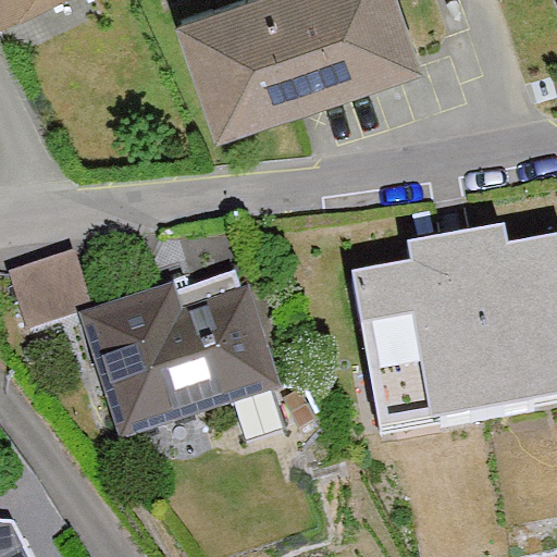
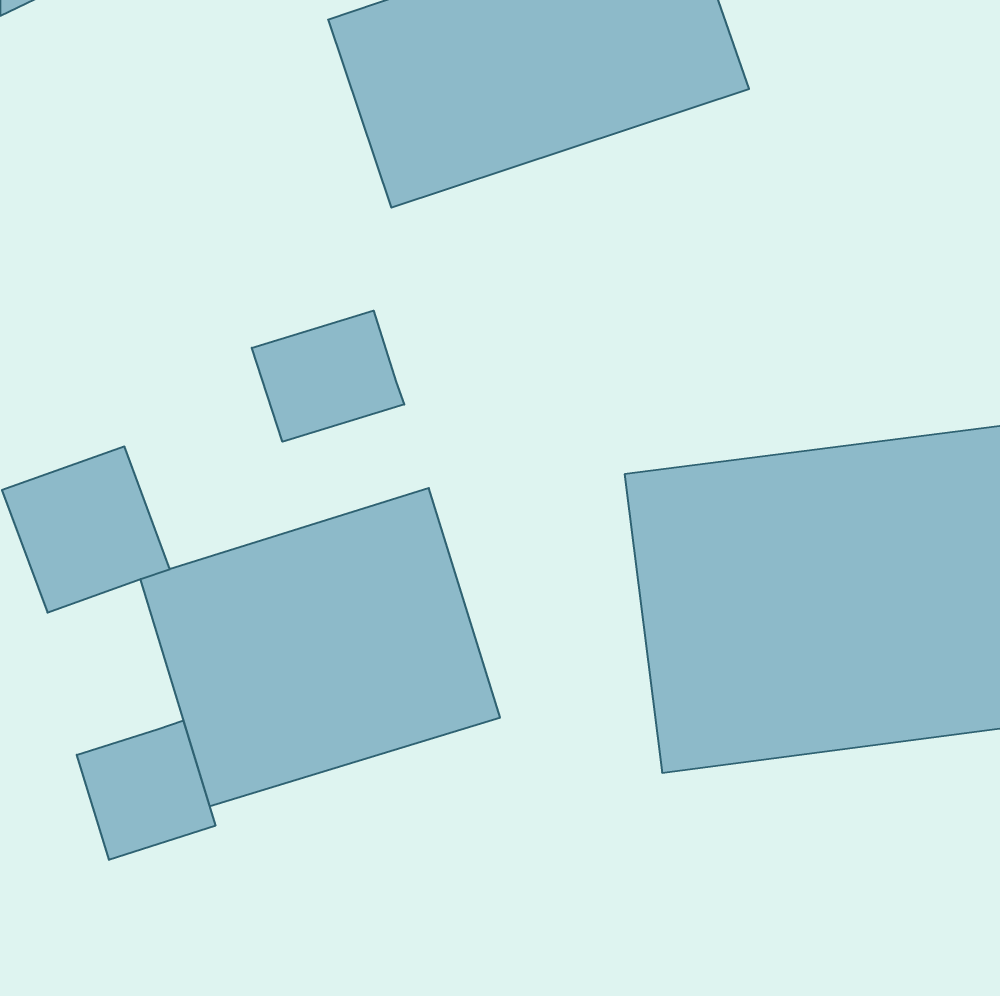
building: none -> [252,311,404,442]
building: none -> [77,720,215,860]

